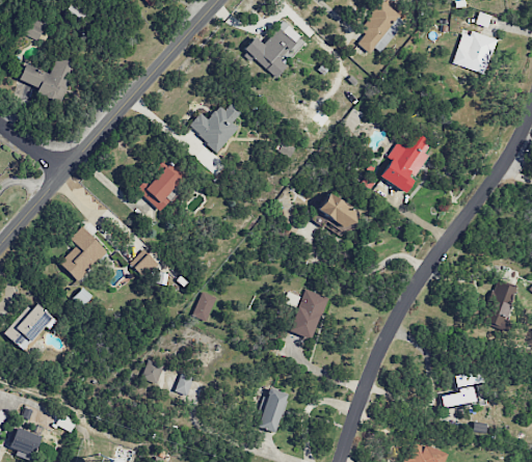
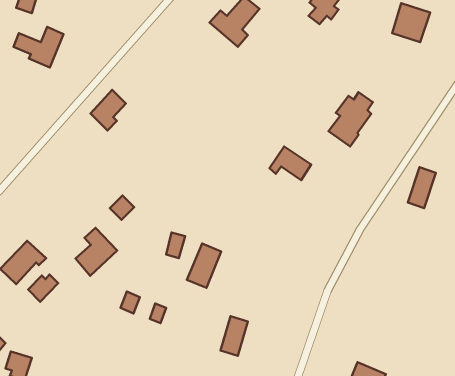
building: [189,103,242,152] -> none
building: [140,165,181,212] -> [90,90,126,131]
building: [60,226,108,281] -> [76,228,117,276]
building: [485,282,517,329] -> [408,167,436,208]
building: [289,289,328,339] -> [187,243,221,288]
building: none -> [28,275,58,302]
building: [443,371,482,407] -> none

